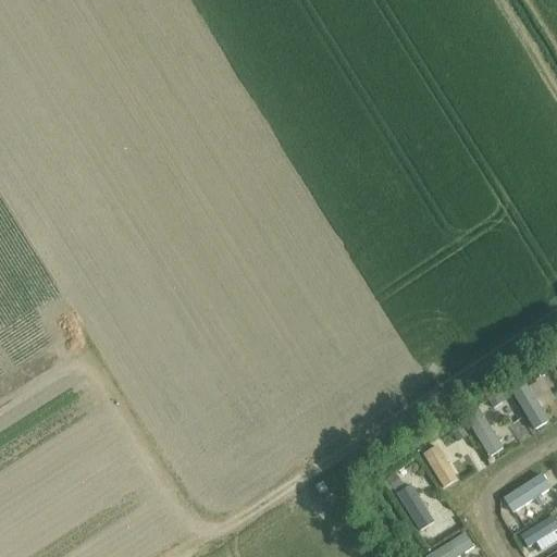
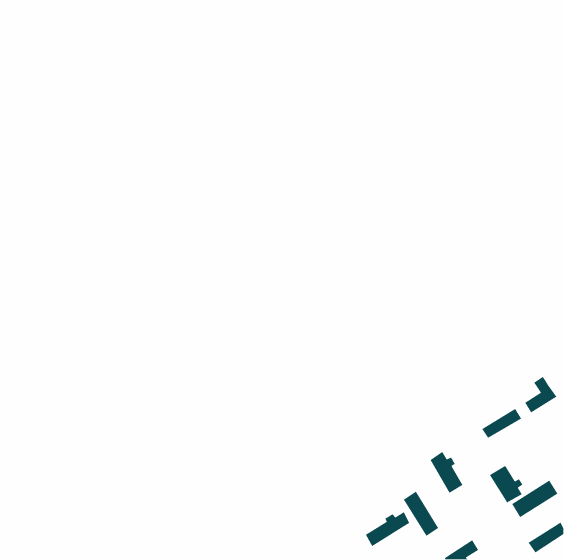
building: none -> [489,465,523,503]
building: none -> [365,511,410,547]

